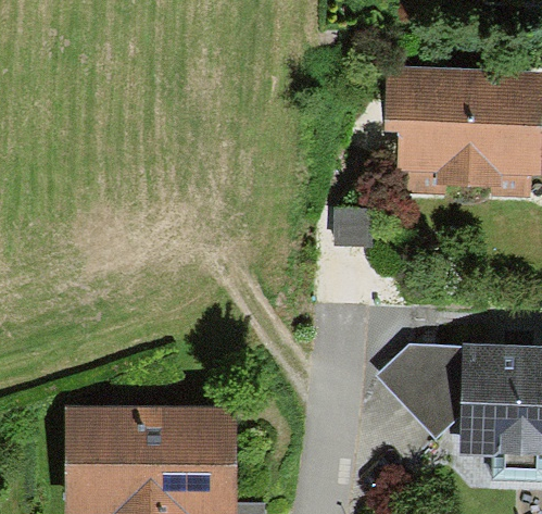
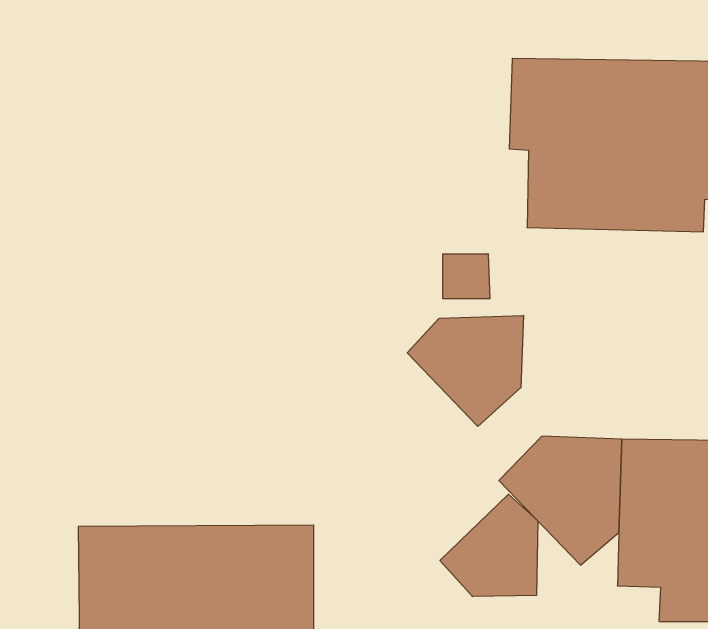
building: none -> [407,315,523,426]
building: none -> [440,494,538,597]

